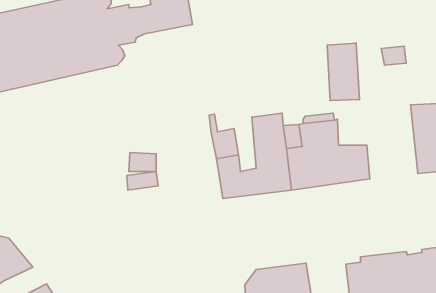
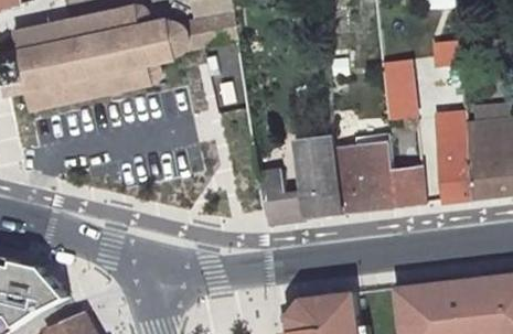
building: none -> [434,112,474,202]

